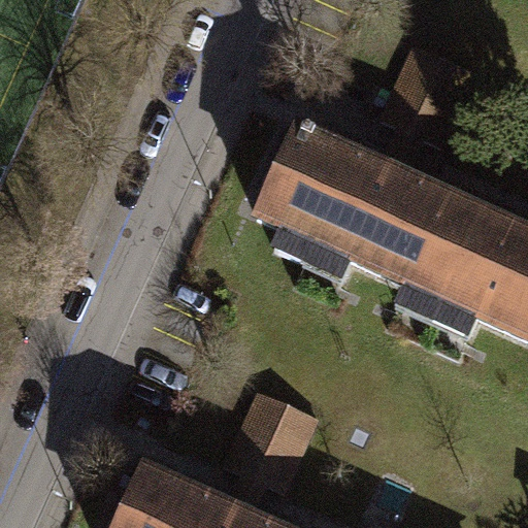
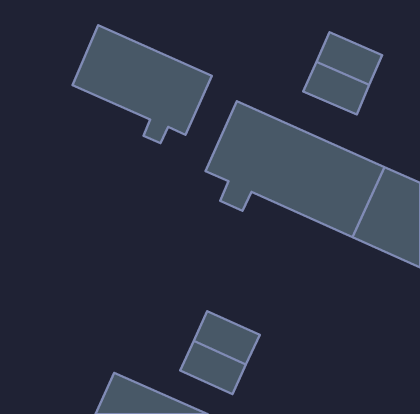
building: none -> [73,25,212,143]

